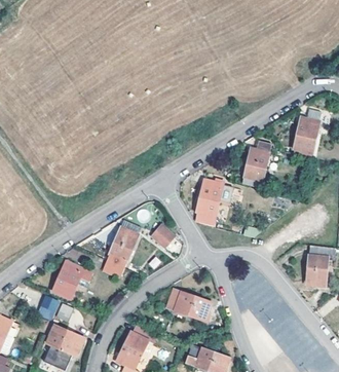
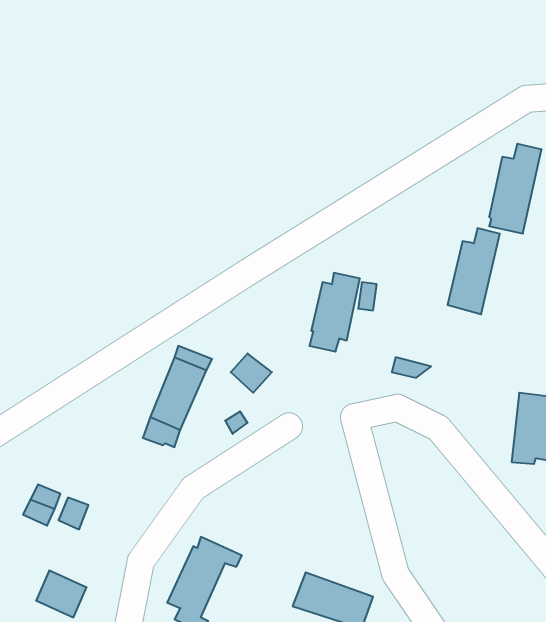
building: [241,140,270,187] -> [448,228,500,314]
building: [52,261,93,298] -> none
building: [165,289,212,321] -> none
building: [46,325,83,355] -> none

